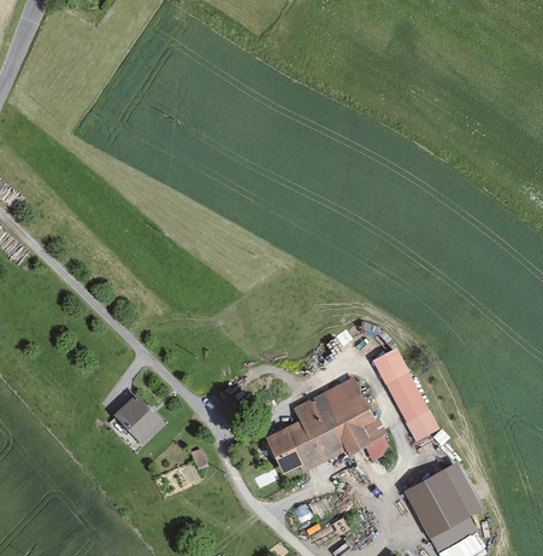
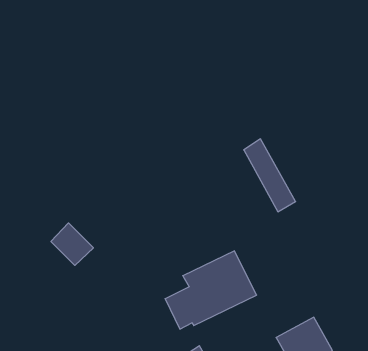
building: [372,345,439,440] -> [244,139,296,212]
building: [108,394,164,450] -> [51,223,93,265]

